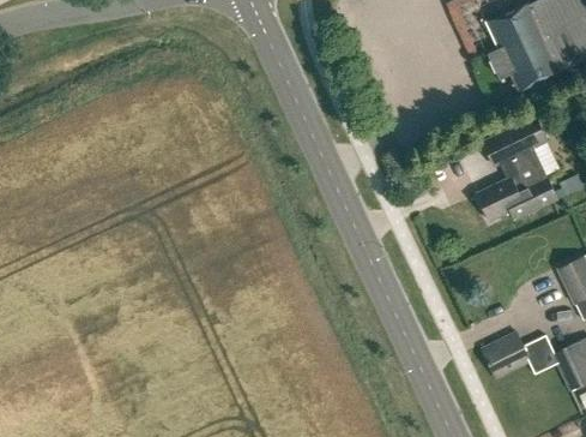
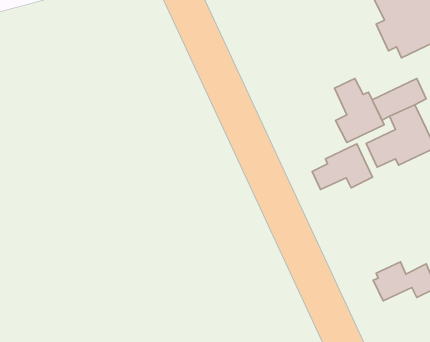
building: none -> [334,79,384,143]
building: none -> [312,144,372,190]

